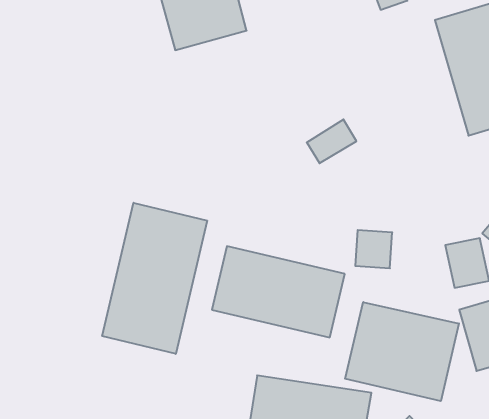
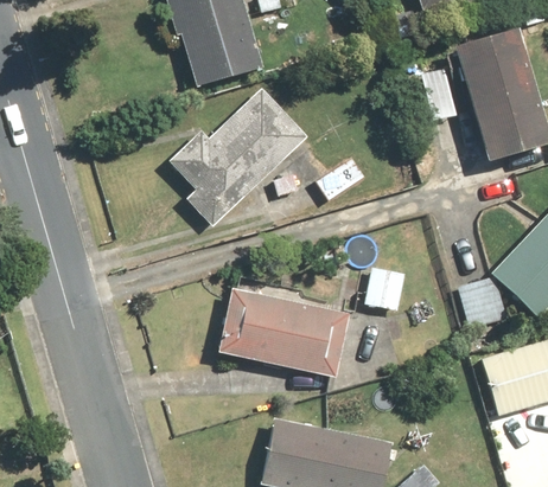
building: none -> [166,85,306,226]
building: [102,203,207,354] -> none
building: [345,302,459,401] -> none

